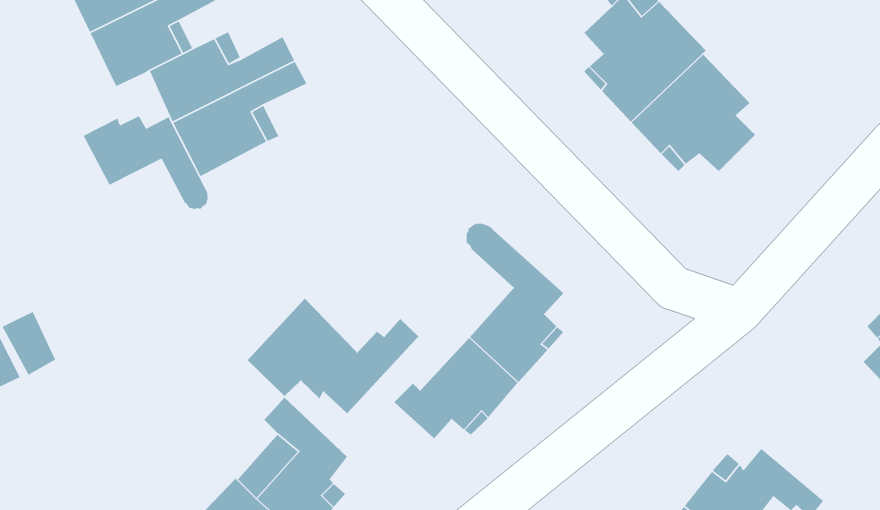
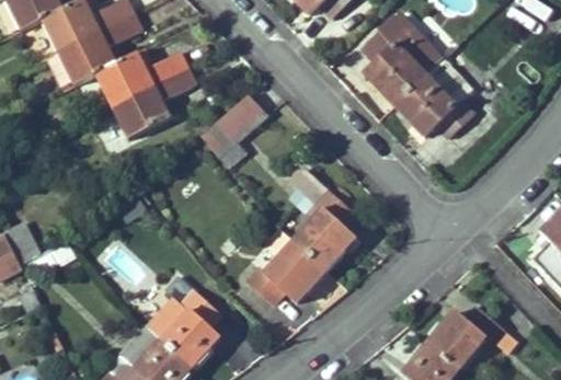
building: none -> [201,95,266,157]
building: [82,115,208,210] -> none
building: [247,298,419,414] -> none

